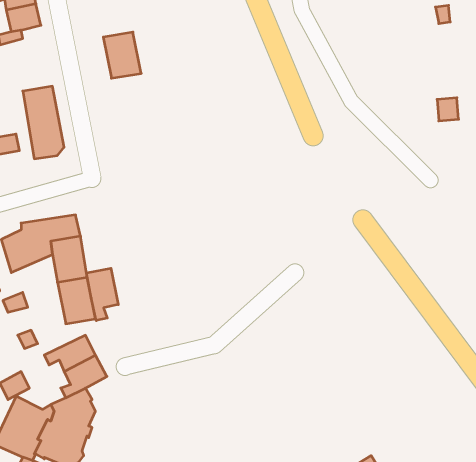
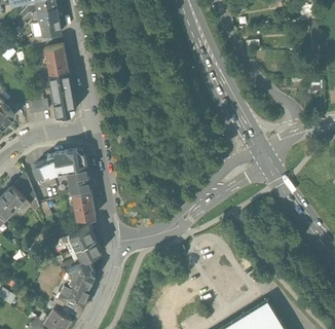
building: [103,32,141,78] -> [44,45,68,74]
building: [86,268,118,321] -> none

